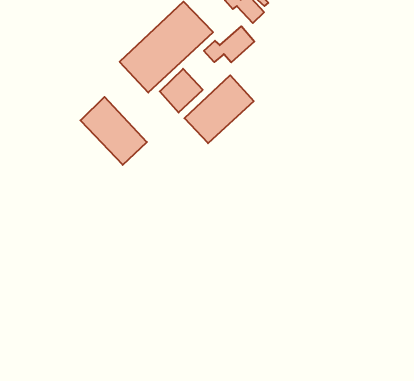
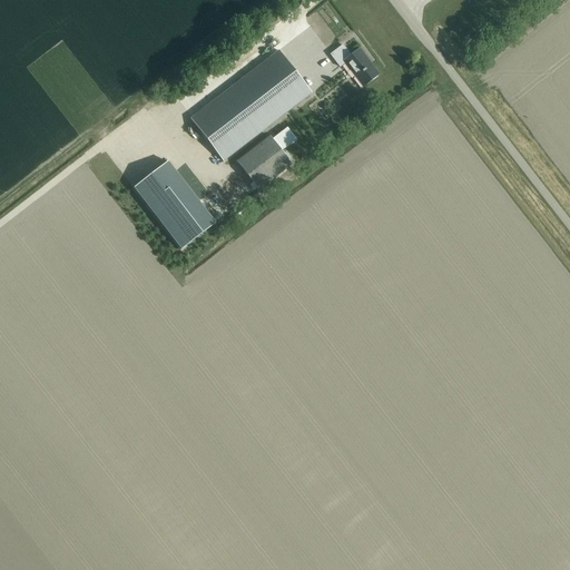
building: [204,26,254,62] -> none
building: [184,75,254,143] -> none

